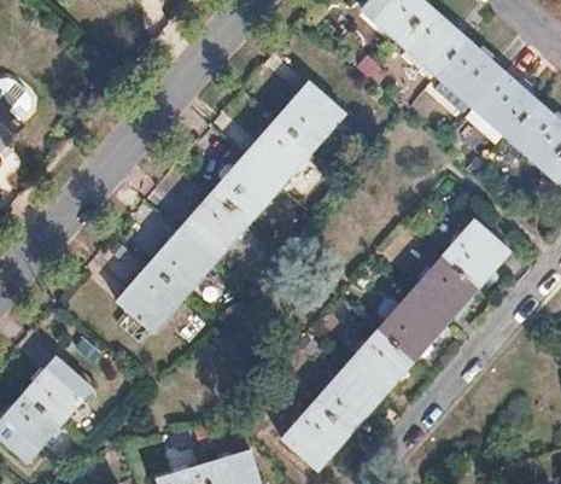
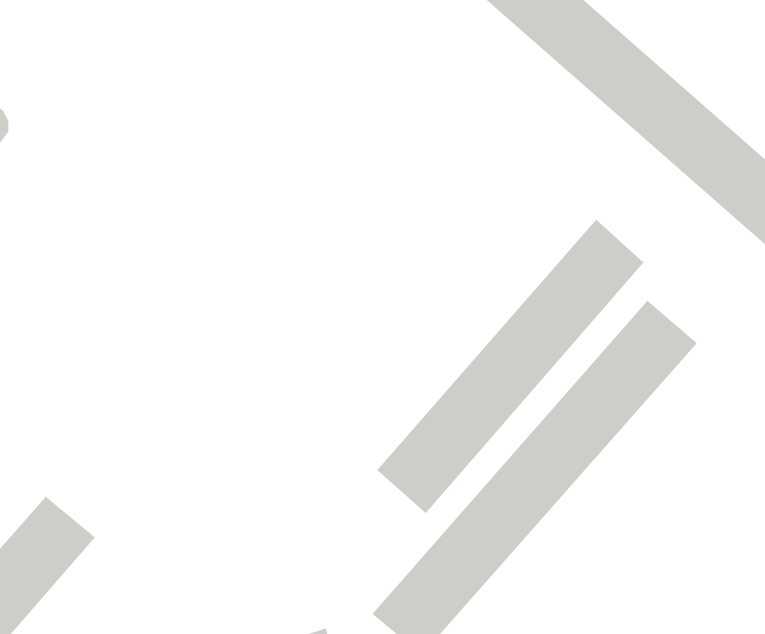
building: [117,82,344,331] -> none
building: none -> [377,219,644,514]

